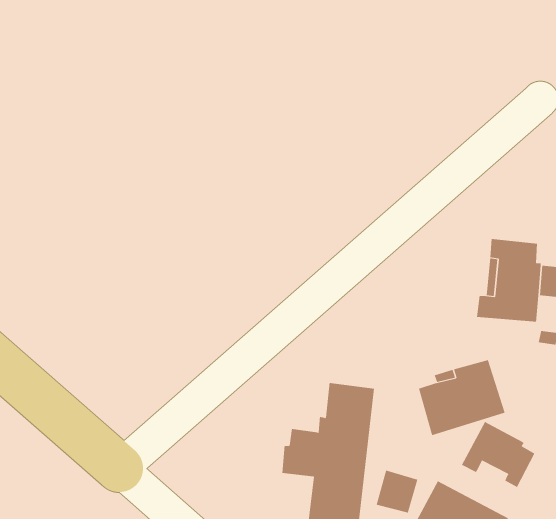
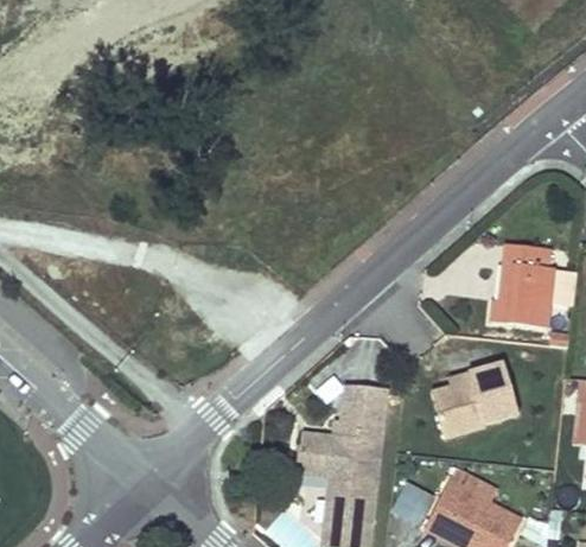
building: [461,421,535,488] -> none

